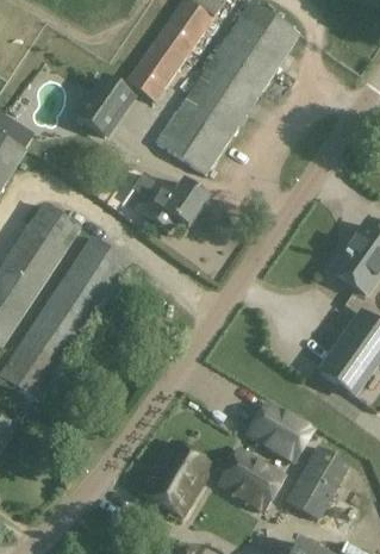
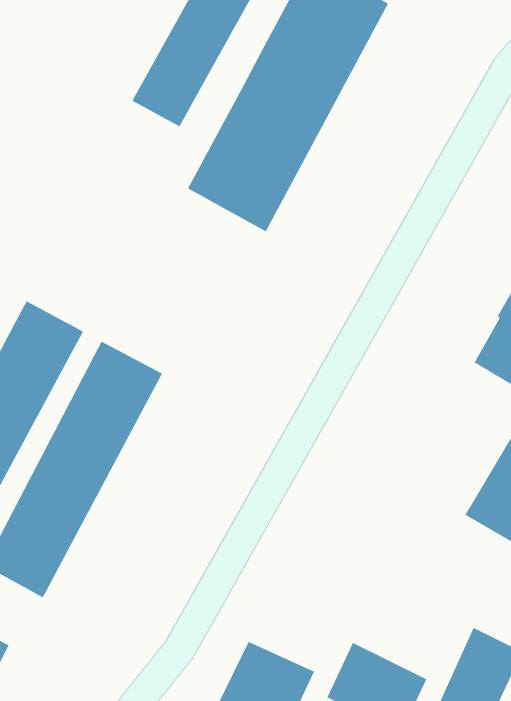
building: [75,75,131,135] -> none
building: [131,170,207,230] -> none
building: [247,400,313,460] -> none

